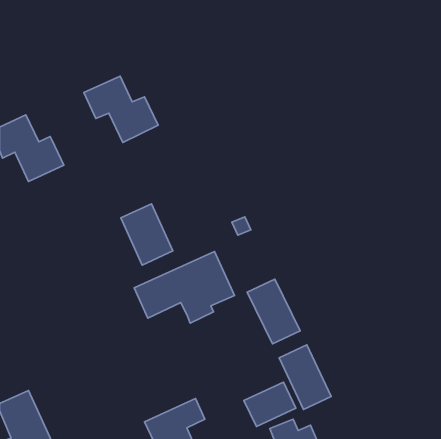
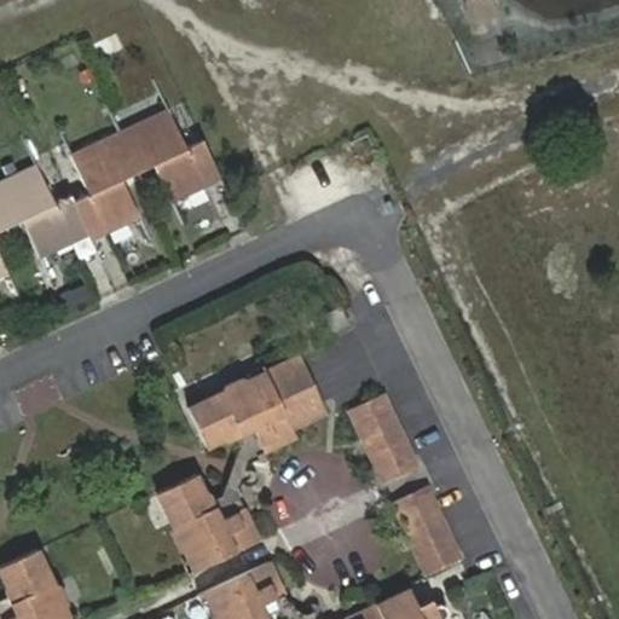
building: none -> [71,133,141,239]
building: [121,204,173,265] -> none
building: none -> [154,472,260,572]
building: [244,382,296,426] -> none

